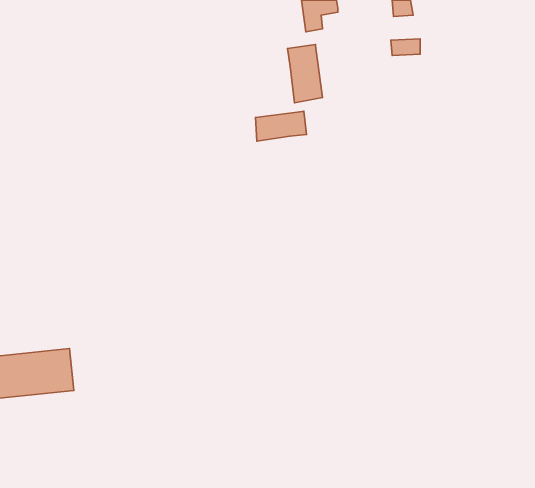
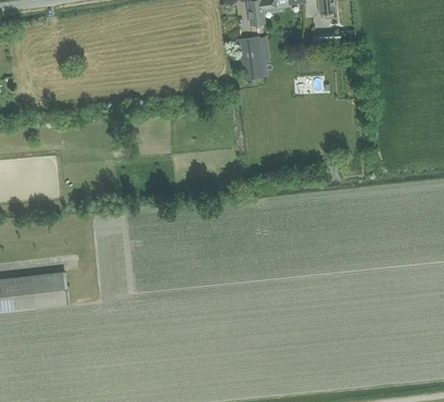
building: [256,111,306,141] -> none

